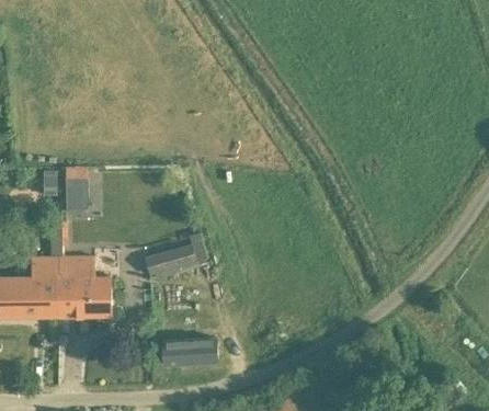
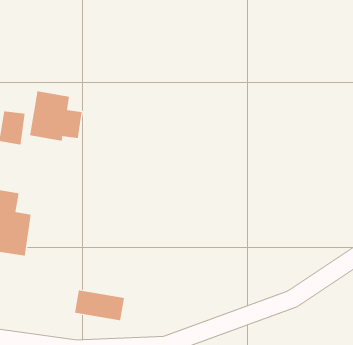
building: none -> [30,90,82,142]
building: [145,244,196,276] -> none

